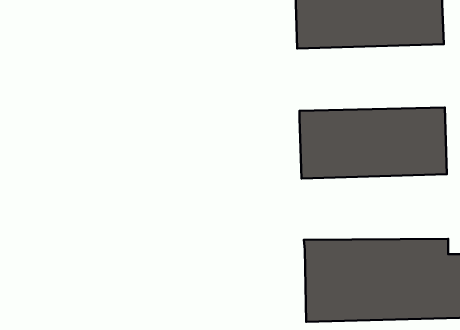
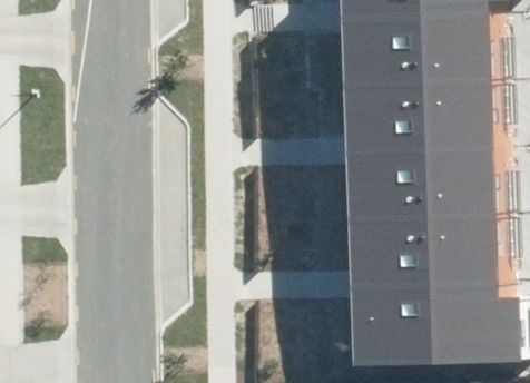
building: none -> [344,84,494,151]
building: none -> [349,216,498,283]

